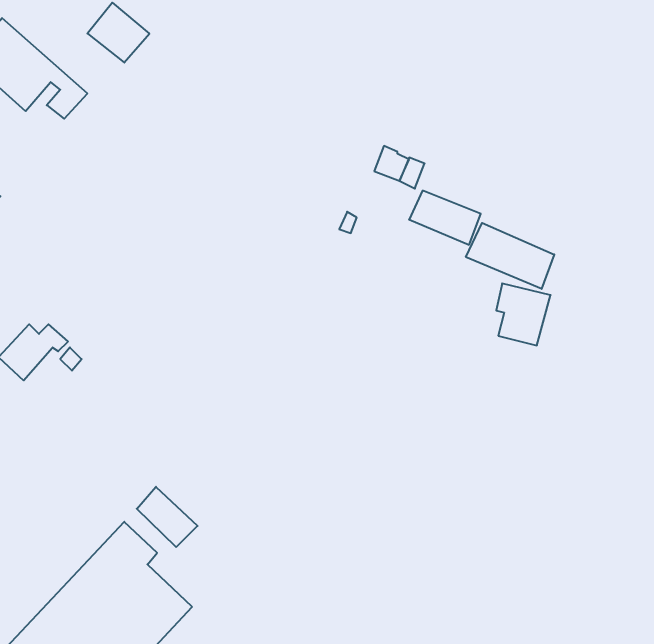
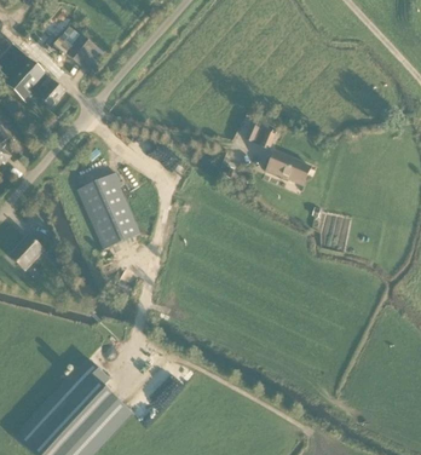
building: [466,223,554,289] -> none
building: none -> [76,172,139,248]
building: [137,487,198,547] -> none

